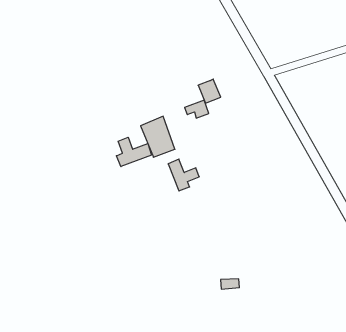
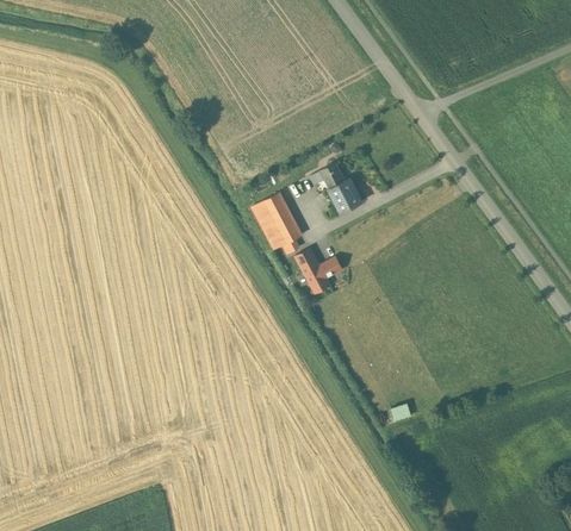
building: [198,79,221,103] -> [328,179,361,213]
building: [116,137,152,167] -> none

